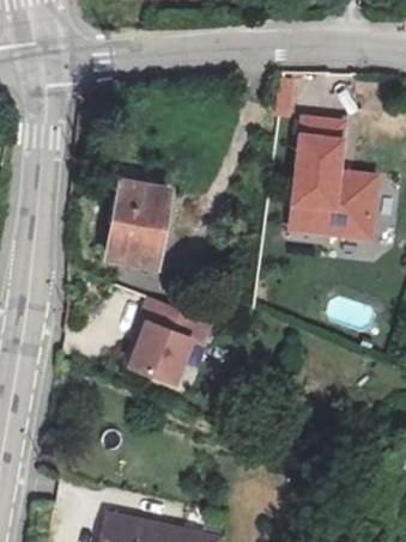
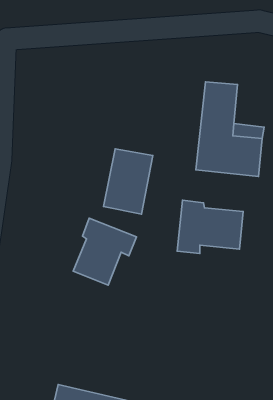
building: [110,185,172,268] -> [104,149,153,214]
building: none -> [177,200,243,254]

